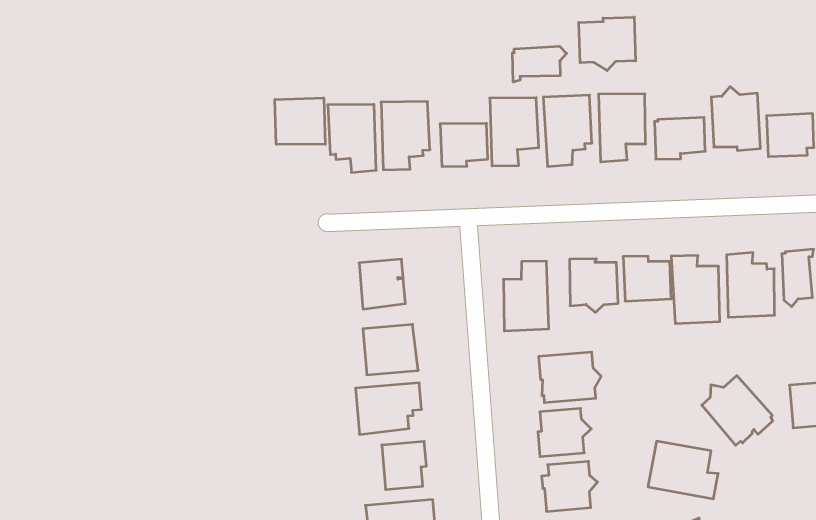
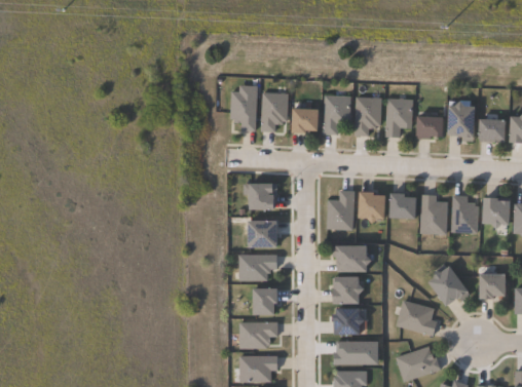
building: [579,17,636,71] -> none
building: [513,46,567,82] -> none
building: [275,98,325,144] -> none

